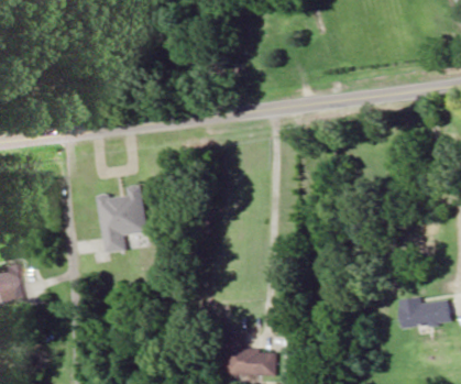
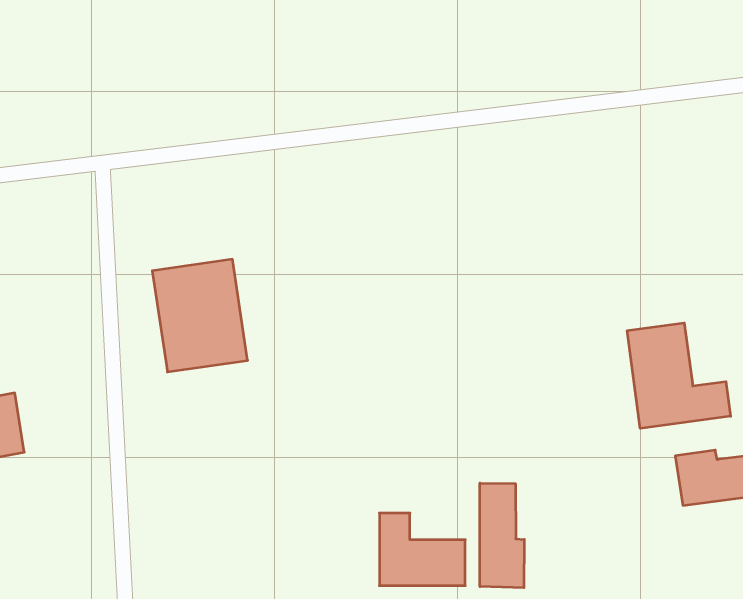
building: none -> [627,323,731,428]
building: none -> [480,483,524,588]

